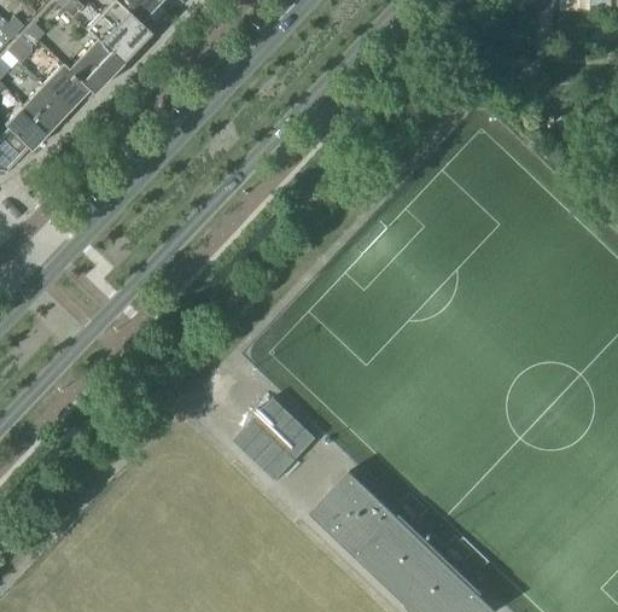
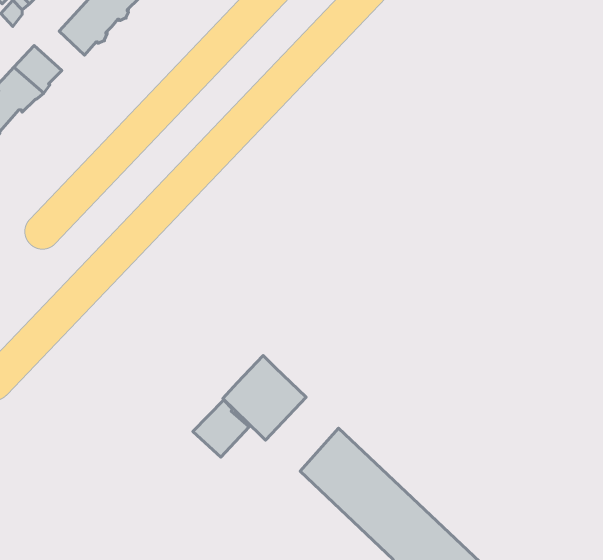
building: [41,65,92,110] -> none
building: none -> [193,400,249,457]

